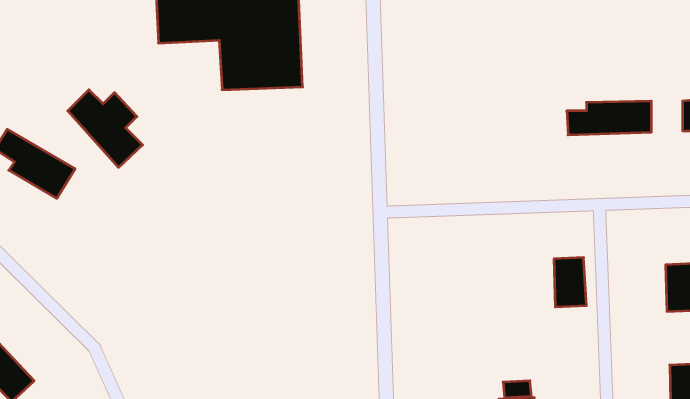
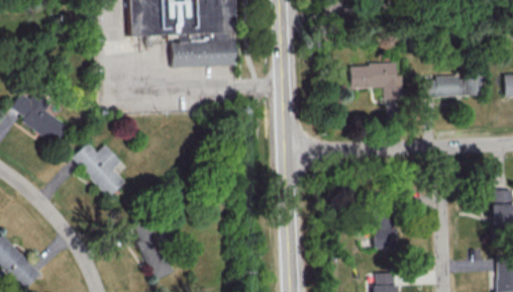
building: none -> [351,64,403,99]
building: [68,90,143,167] -> [73,142,126,198]
building: [554,258,586,307] -> [374,213,397,249]
building: none -> [134,226,174,281]

